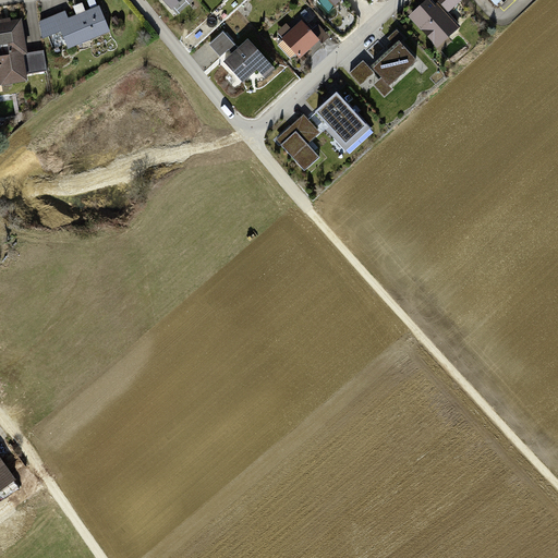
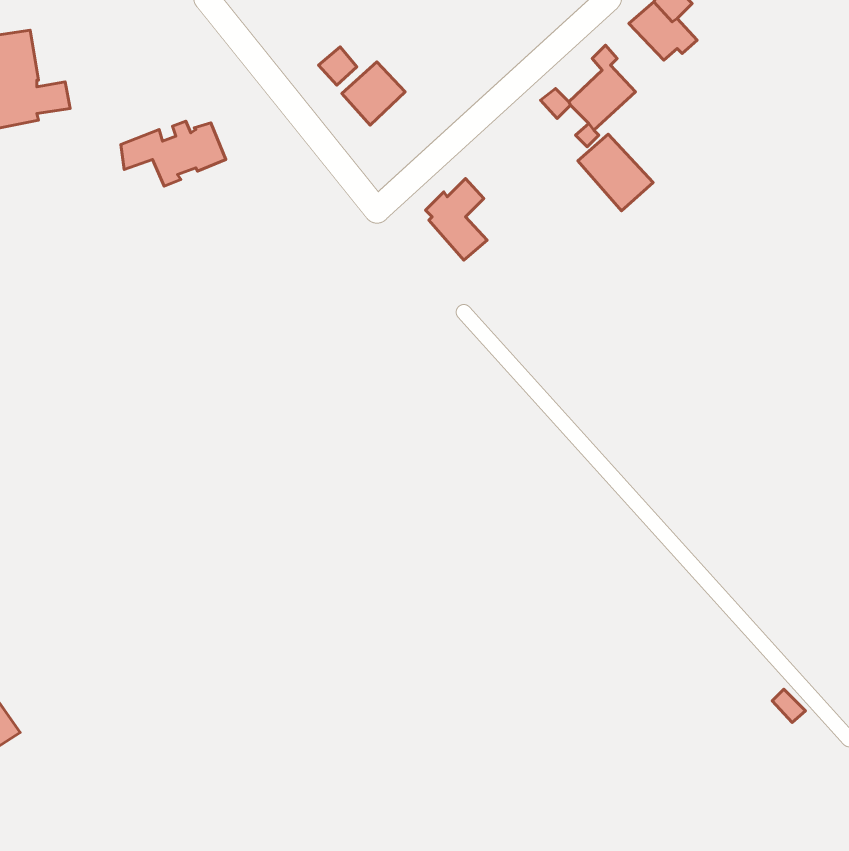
building: [39,5,108,48] -> [121,121,226,186]
building: [282,22,316,56] -> none
building: [316,94,365,144] -> [578,134,653,211]

